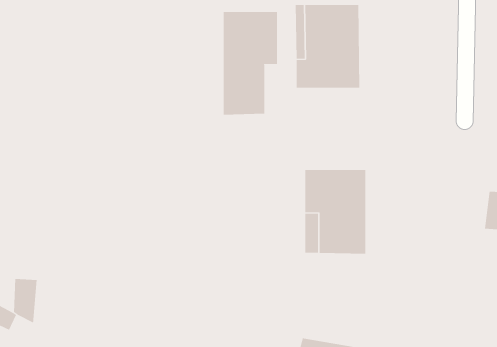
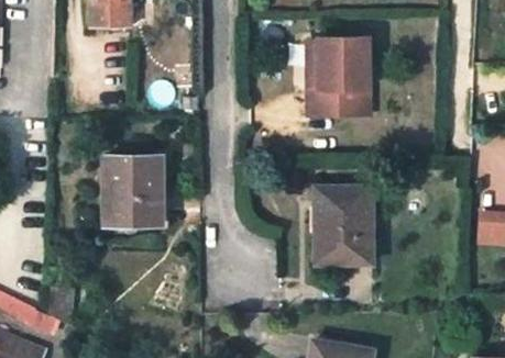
building: [223,11,277,116] -> none
building: none -> [103,156,161,224]

